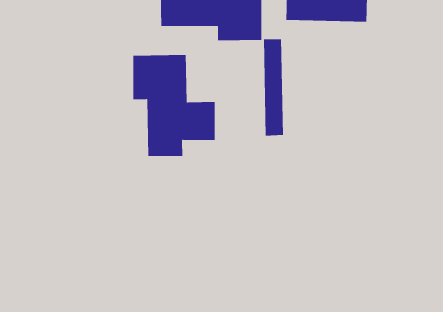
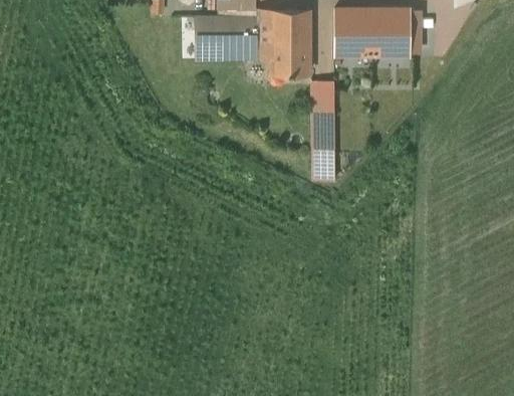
building: [132,54,216,157] -> none

